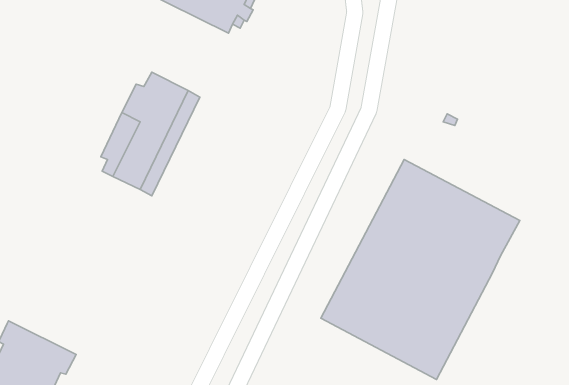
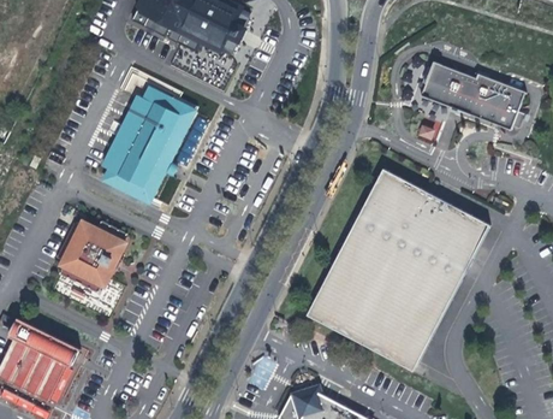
building: none -> [420,61,524,130]
building: none -> [58,222,125,293]

